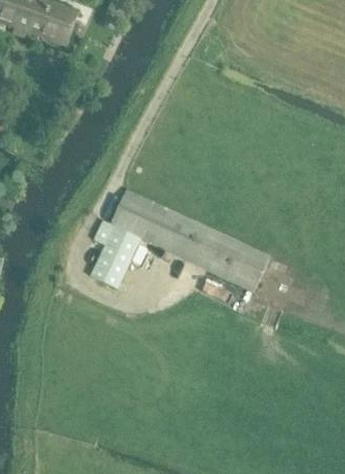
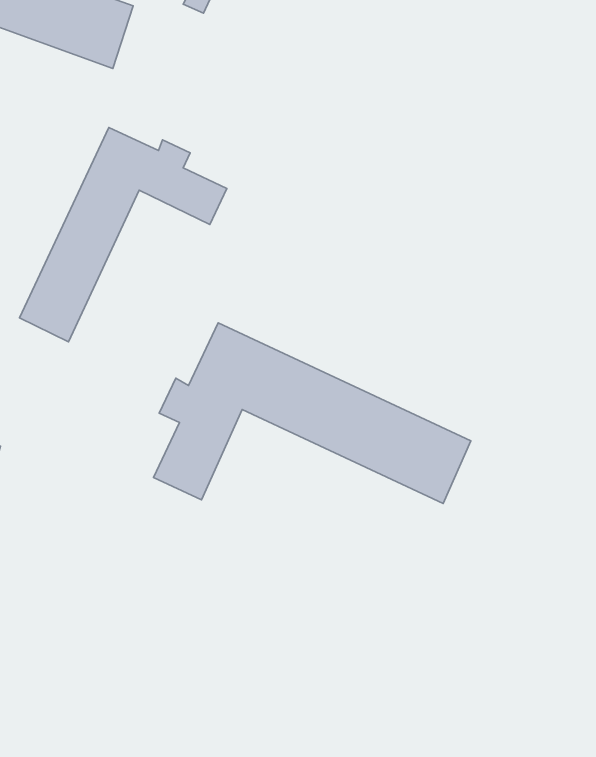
building: none -> [20,127,227,342]

